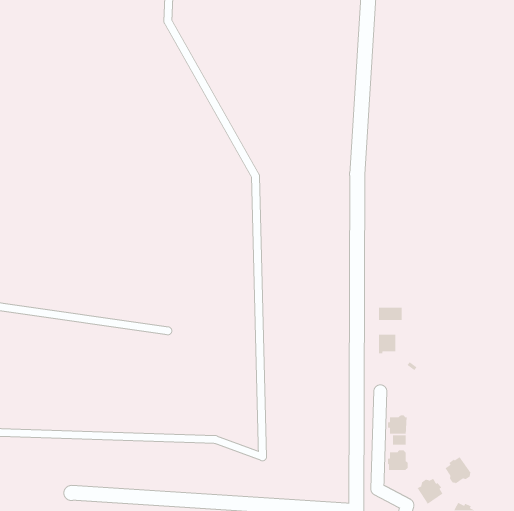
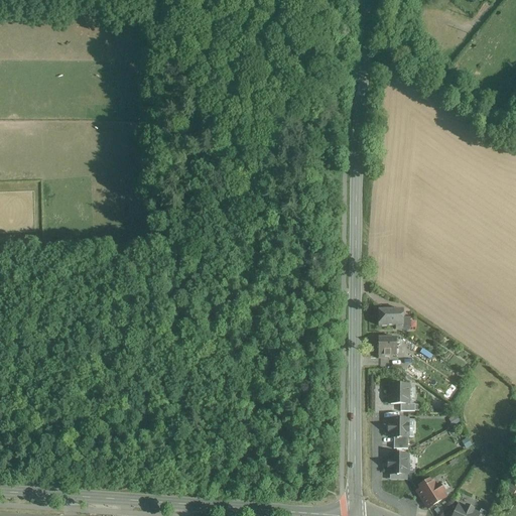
building: none -> [390,382,408,402]
building: [444,456,472,484] -> none

